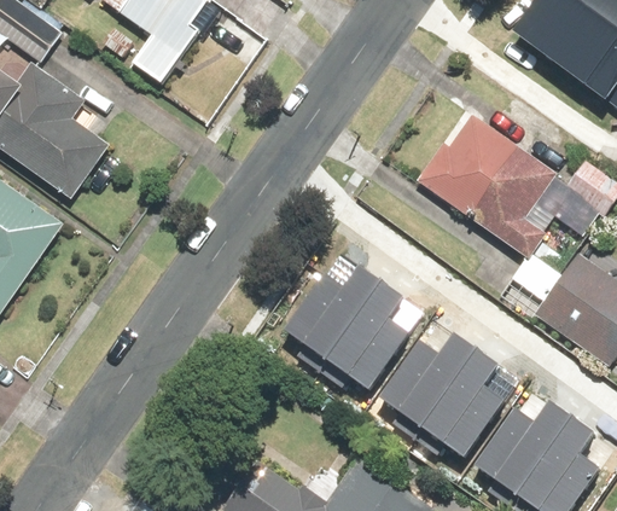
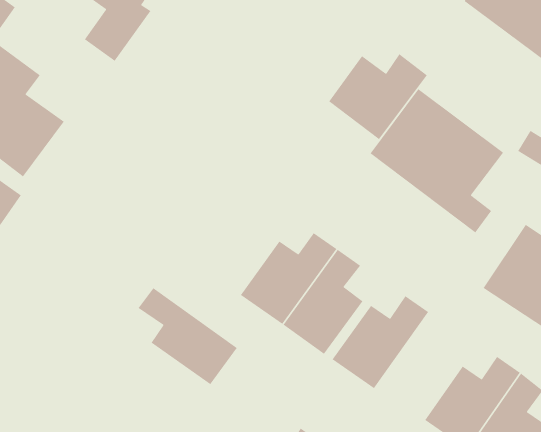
building: none -> [328,53,428,140]
building: none -> [138,287,238,385]
building: [424,342,506,451] -> none

